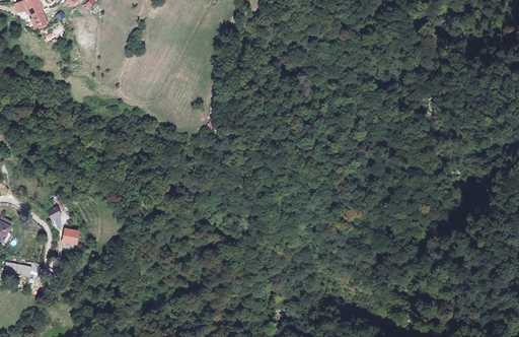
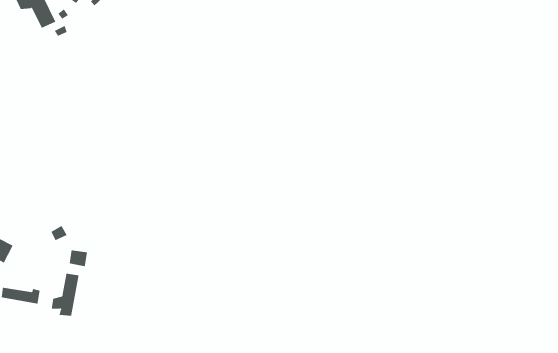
building: none -> [51,273,79,317]

